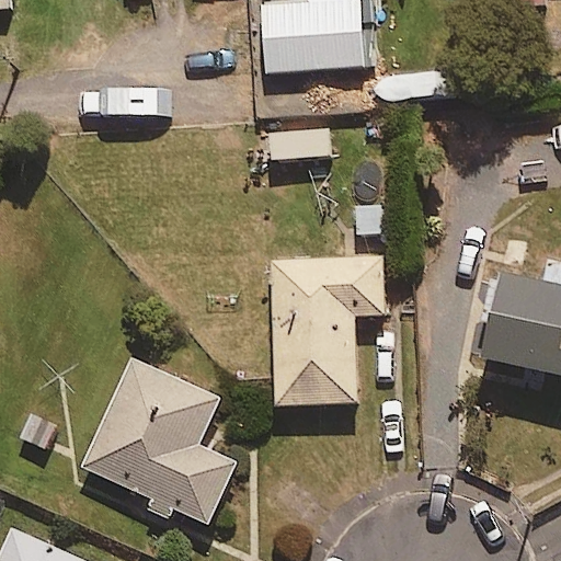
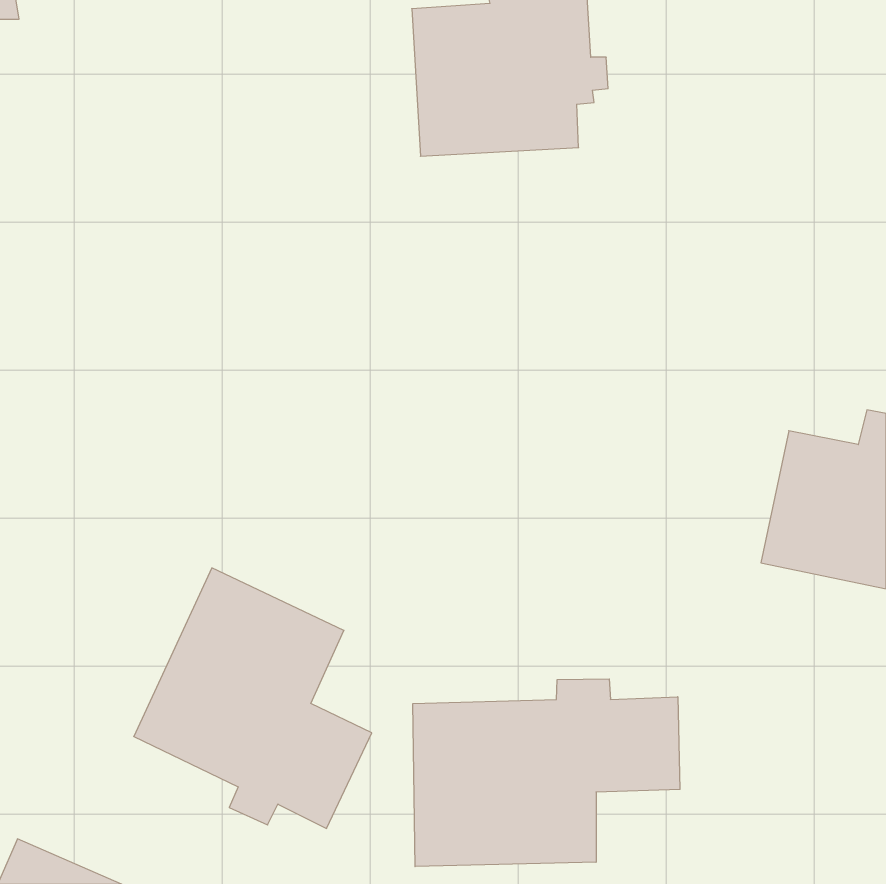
building: [272,257,383,403] -> none
building: none -> [413,679,680,867]

